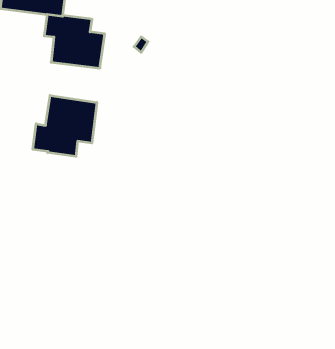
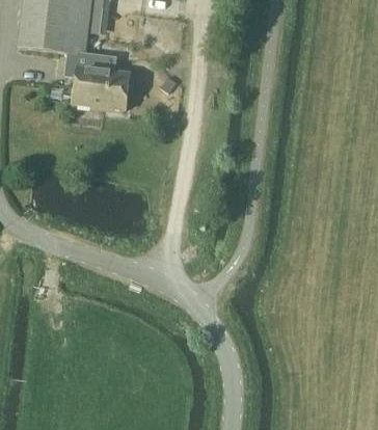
building: [33,95,97,156] -> none

